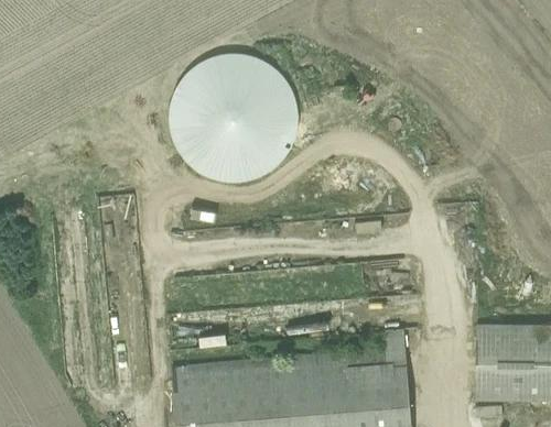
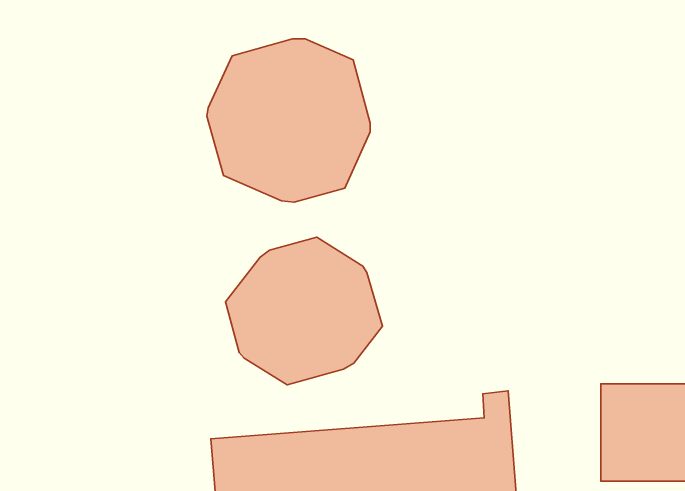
building: none -> [225,237,382,385]

